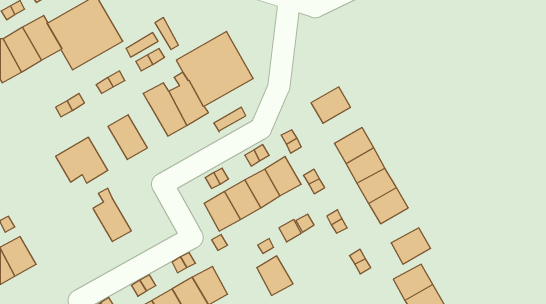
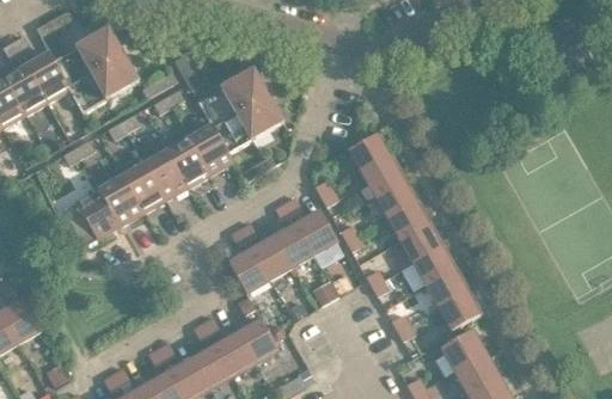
building: none -> [143,149,188,199]
building: none -> [361,154,405,195]
building: [93,188,131,242] -> [99,165,142,225]
building: none -> [426,266,469,306]
building: [257,256,293,295] -> [238,319,279,363]

